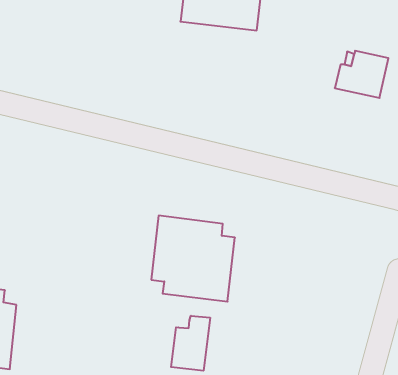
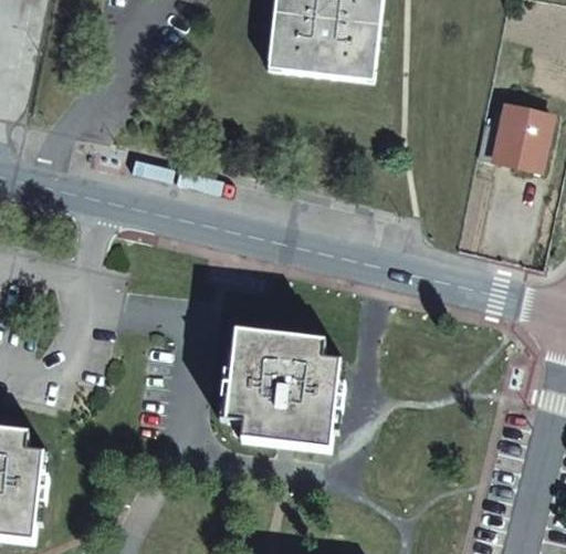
building: [171,316,210,371] -> none

